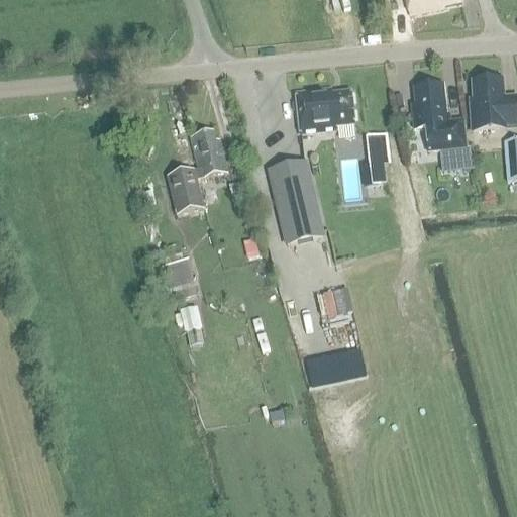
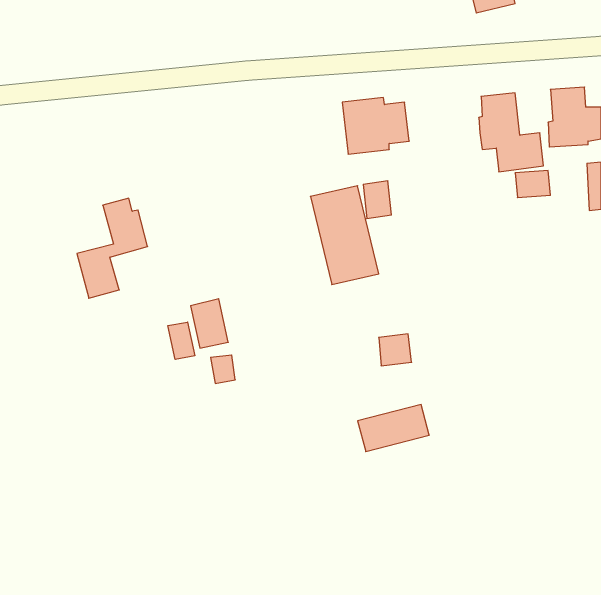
building: [167,128,227,214] -> [77,198,148,298]
building: [367,132,391,165] -> [363,181,391,219]
building: none -> [168,322,195,359]

